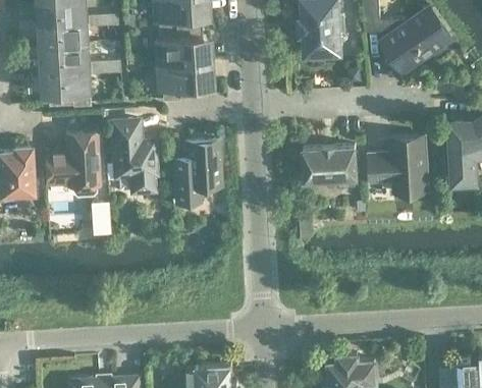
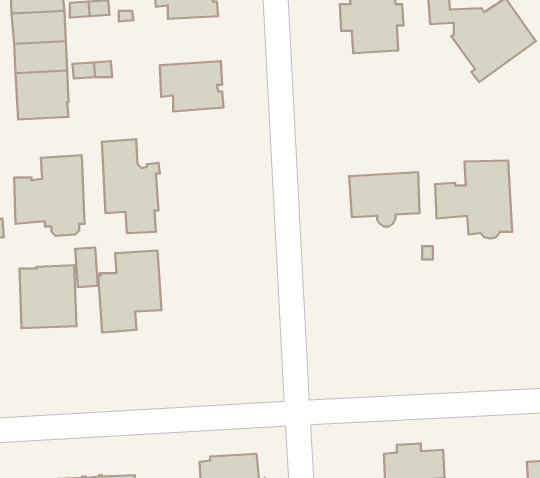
building: [156,26,204,64] -> none
building: [172,142,221,205] -> [98,251,162,333]
building: none -> [19,265,77,328]

